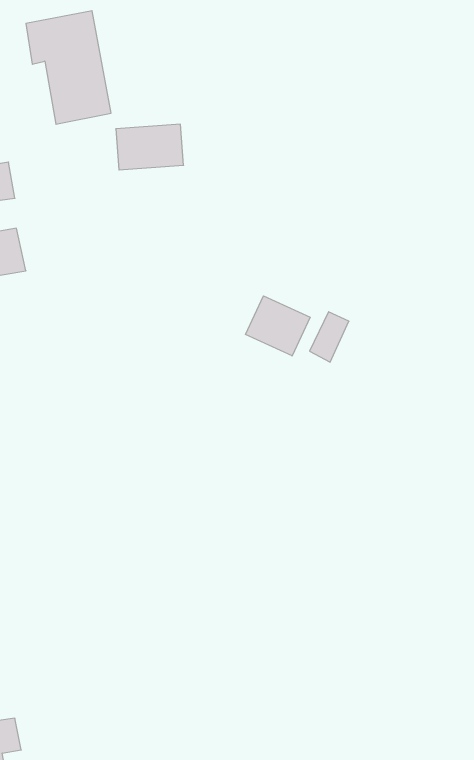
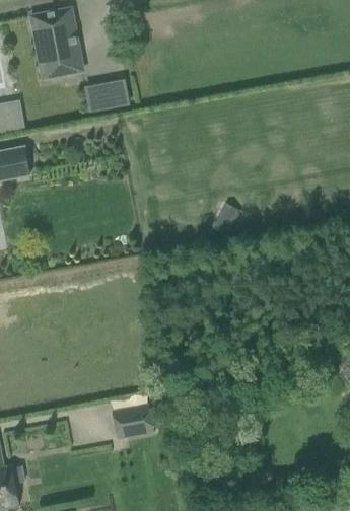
building: [246,296,310,356] -> none
building: none -> [112,404,154,438]

